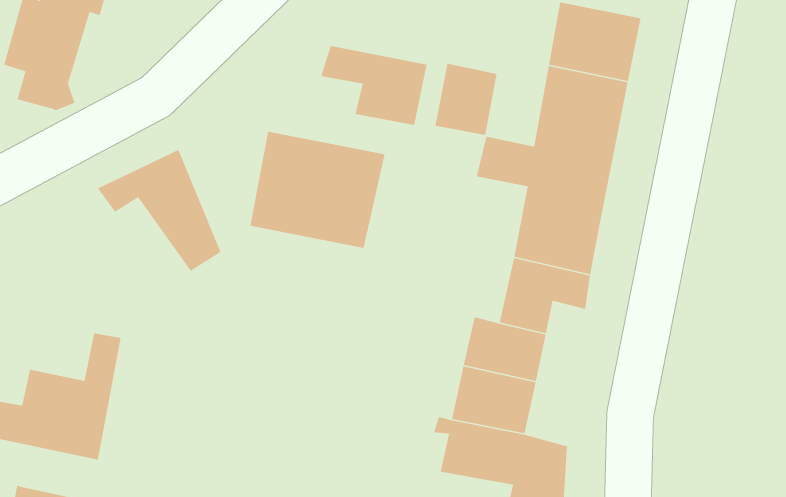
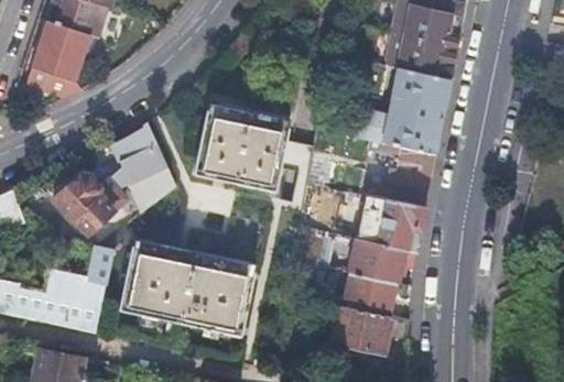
building: [320,45,428,126] -> none
building: [434,63,498,136] -> none
building: none -> [55,176,123,232]
building: none -> [116,245,251,332]

